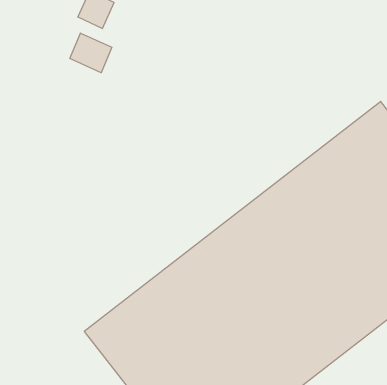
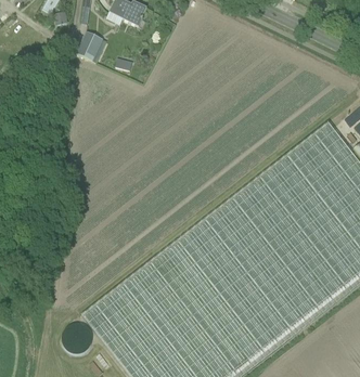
building: [70,33,112,73] -> none

